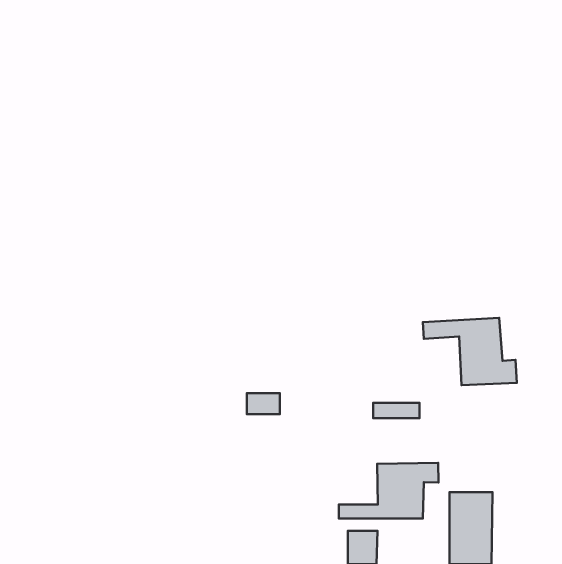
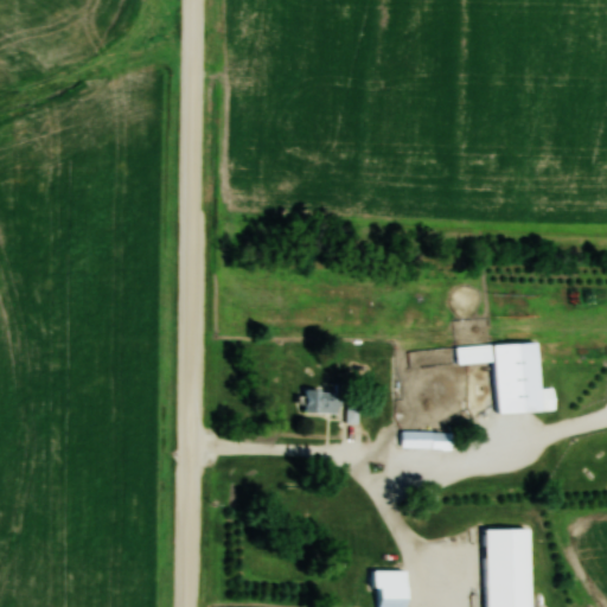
building: [247,393,280,414] -> [306,391,341,414]
building: [339,463,438,519] -> none

